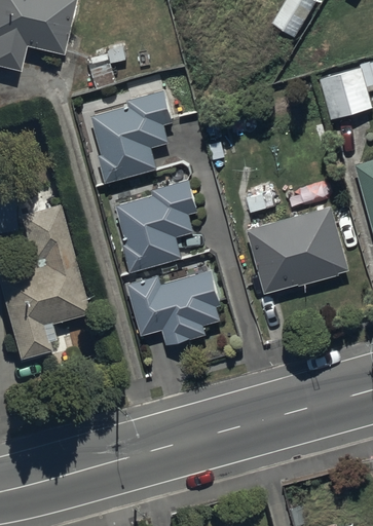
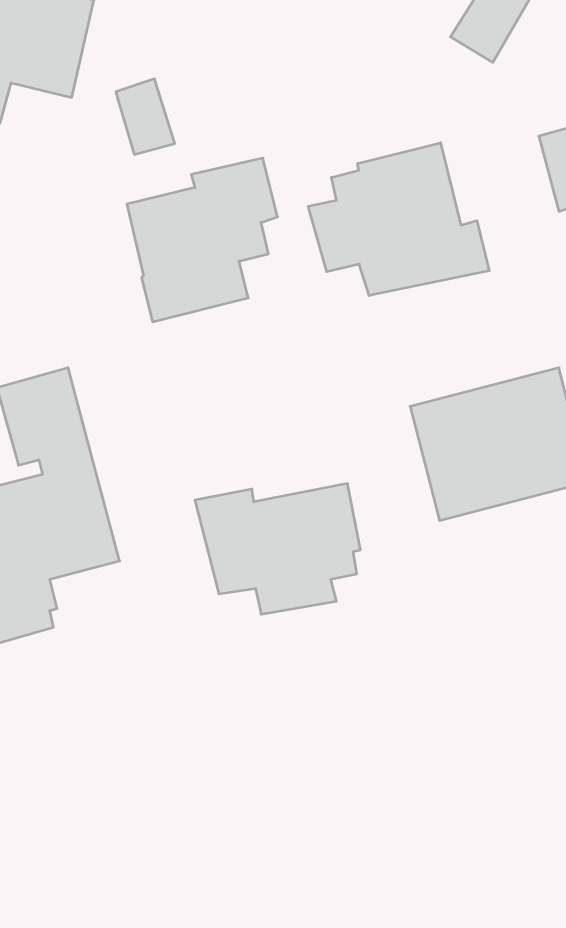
building: none -> [308,143,489,296]
building: [116,181,199,272] -> none

